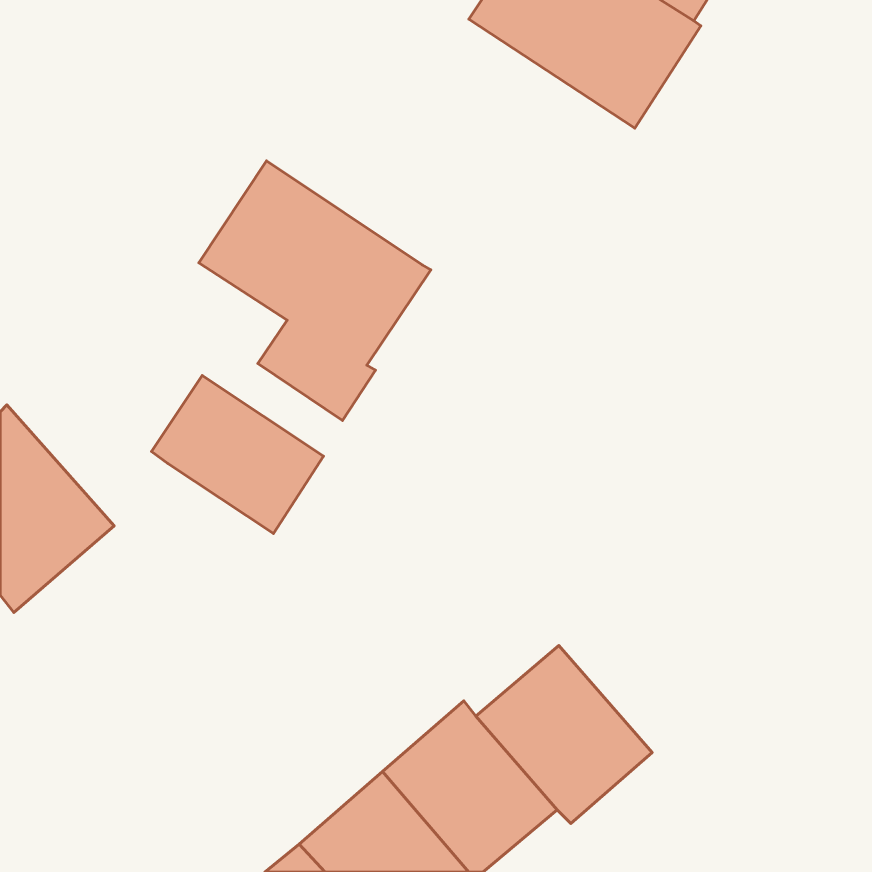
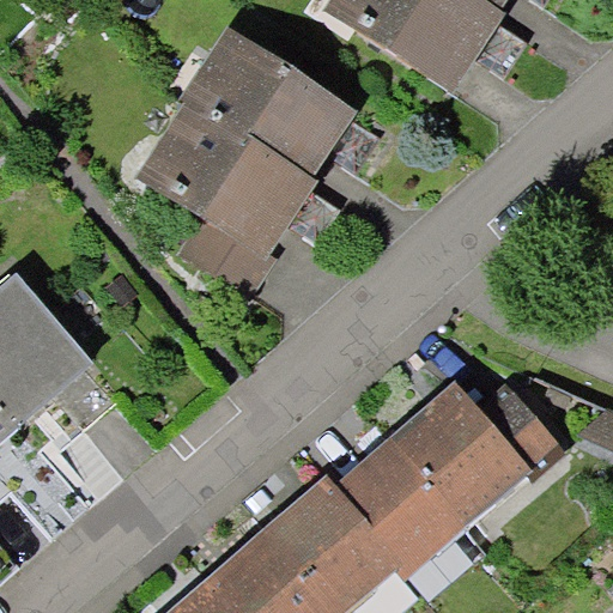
building: none -> [187,37,347,183]
building: [152,375,324,534] -> none
building: none -> [395,389,557,521]

